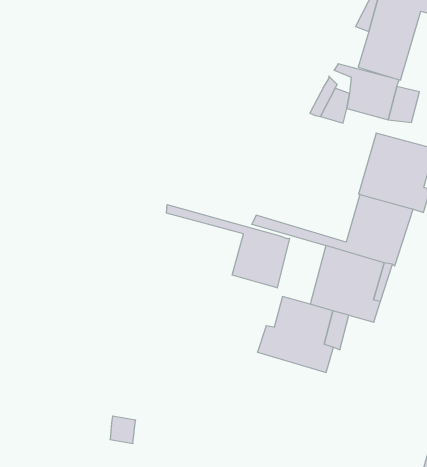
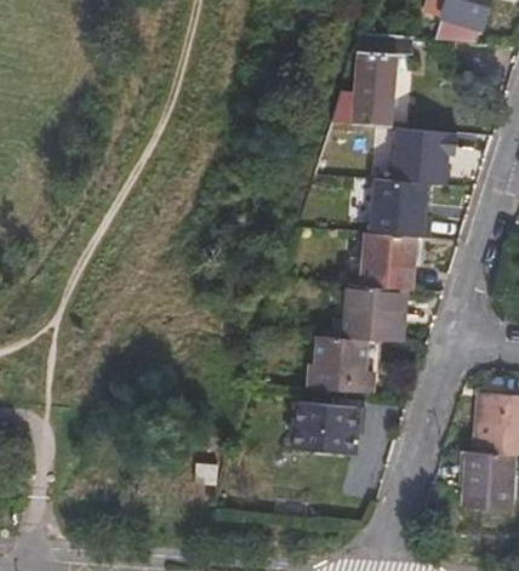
building: [166,205,289,288] -> none
building: none -> [289,401,361,453]

